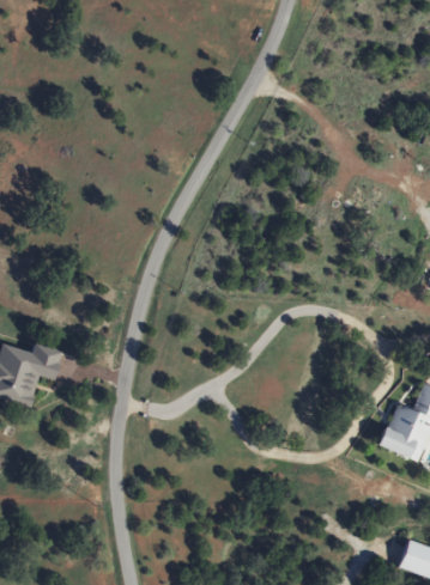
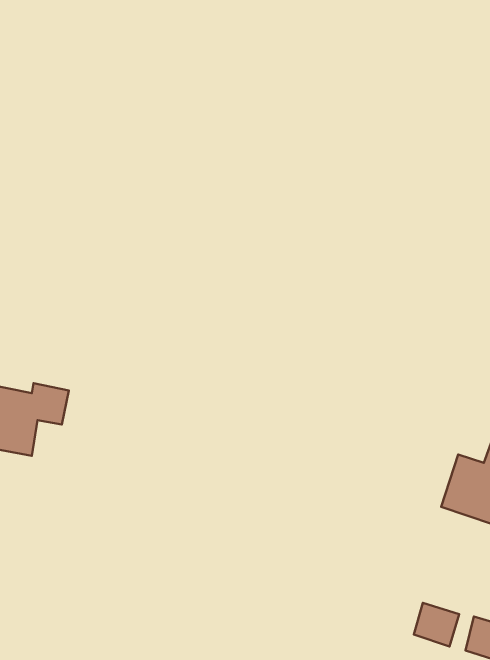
building: none -> [414,603,459,647]

